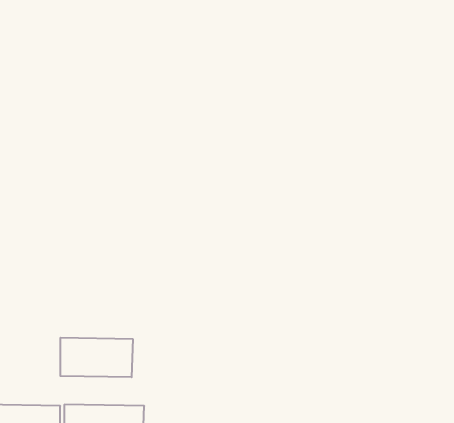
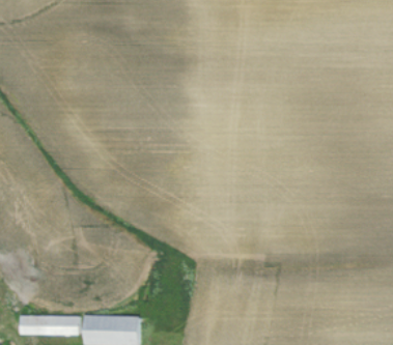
building: [60,338,133,377] -> none

